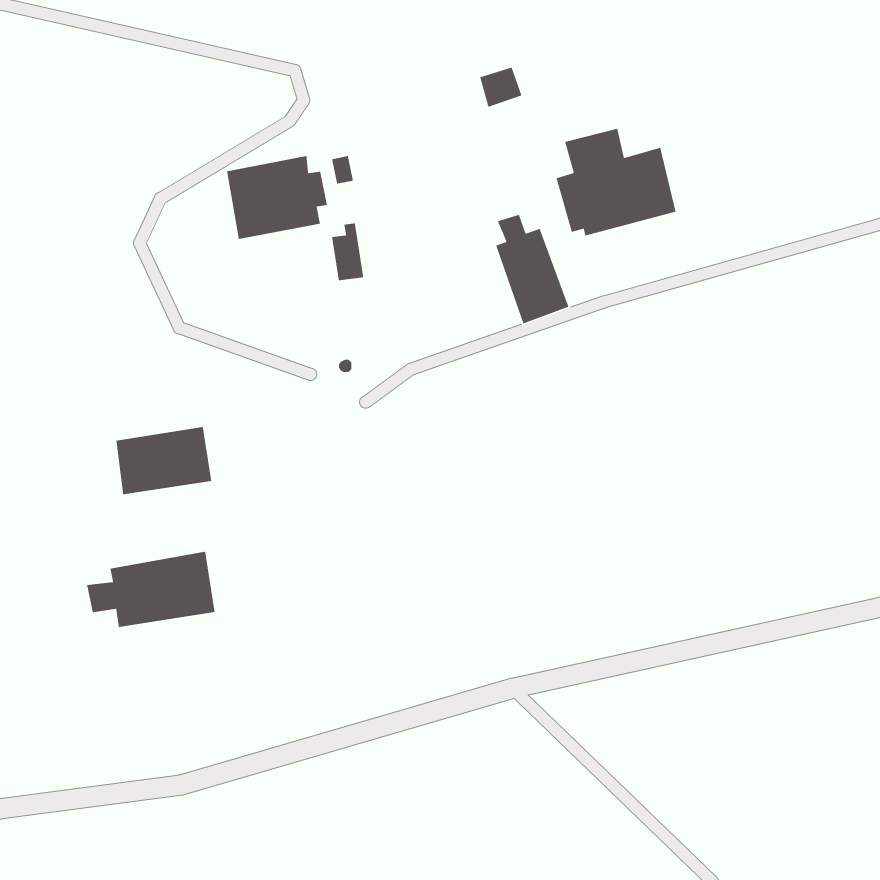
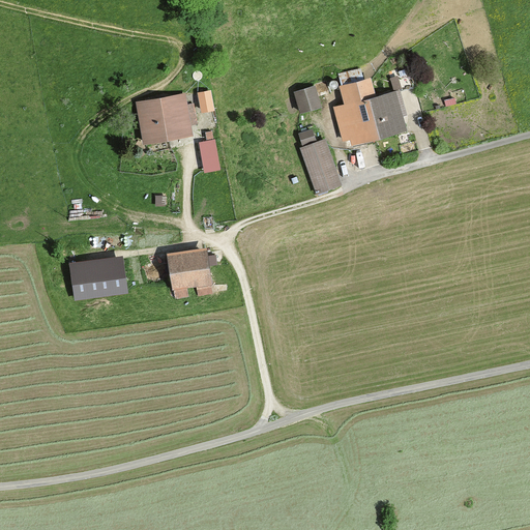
building: [479,67,522,108] -> [294,86,320,111]
building: none -> [167,246,216,301]
building: [86,551,216,628] -> none

